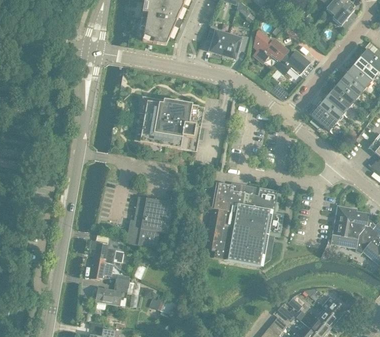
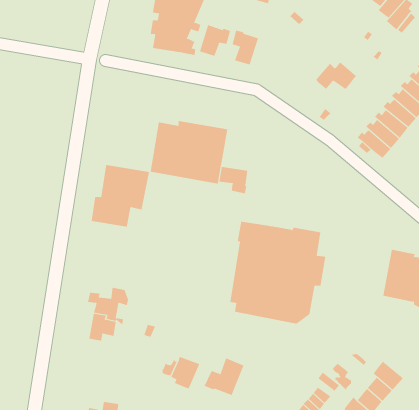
building: [252,29,287,62] -> none
building: [222,32,248,58] -> [199,25,231,57]
building: none -> [219,166,248,194]
building: [126,196,174,247] -> [91,165,150,227]
building: [95,277,129,305] -> none
building: none -> [204,357,244,396]

